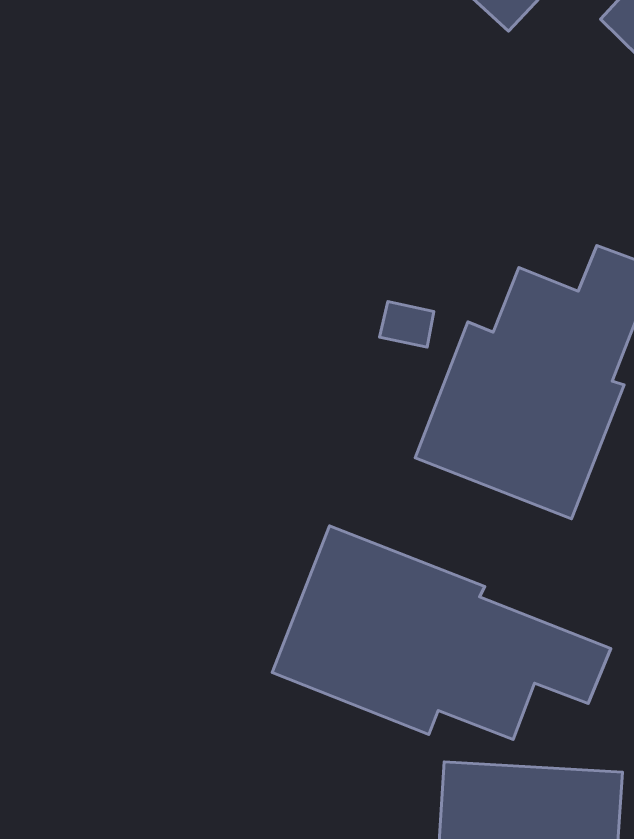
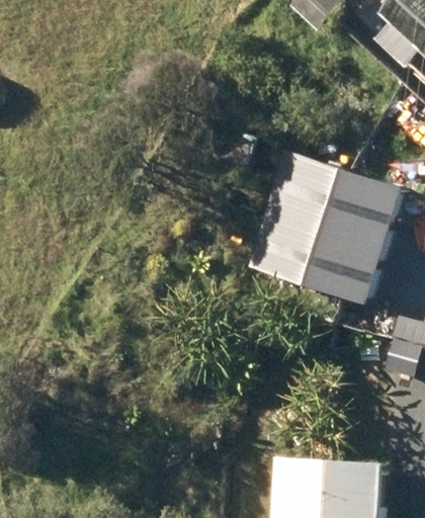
building: [272,526,611,739] -> none

